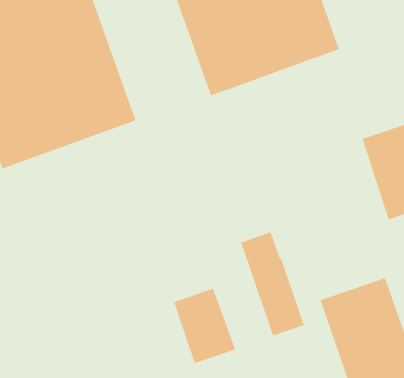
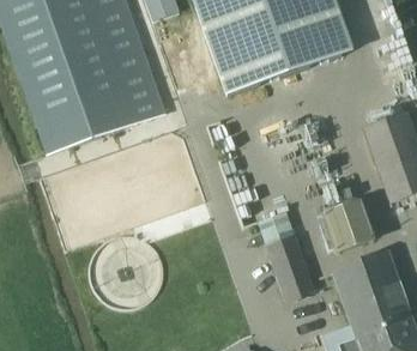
building: none -> [325,201,373,249]
building: [173,287,236,364] -> none

